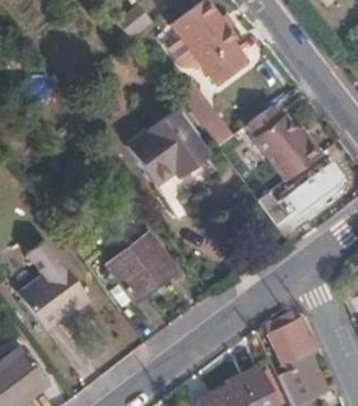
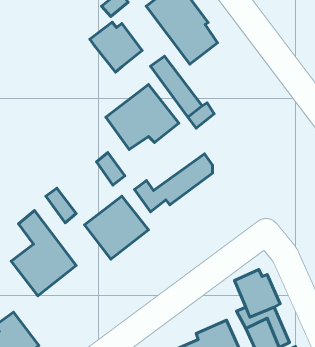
building: none -> [90,22,142,72]
building: [256,117,322,178] -> none
building: [257,162,342,224] -> [134,154,213,212]

